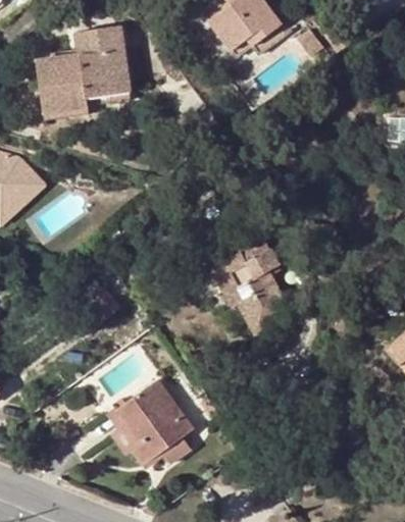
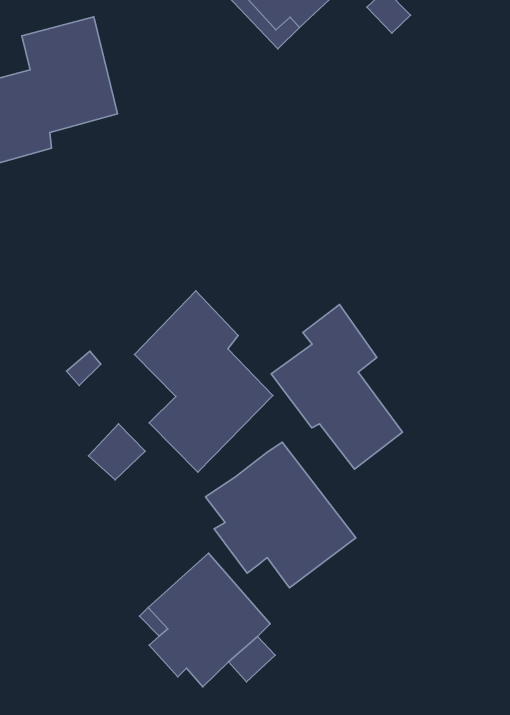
building: none -> [135,291,273,472]
building: none -> [205,442,356,588]

